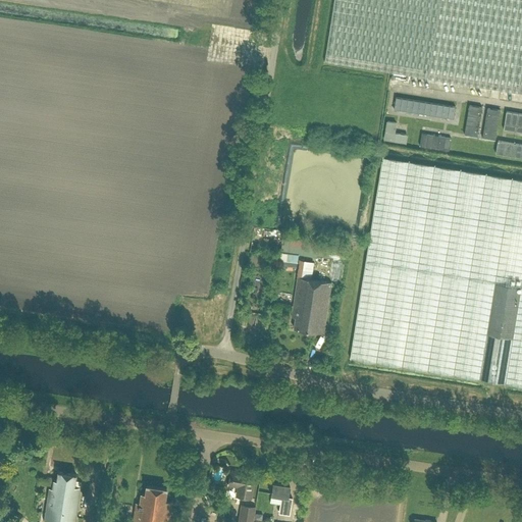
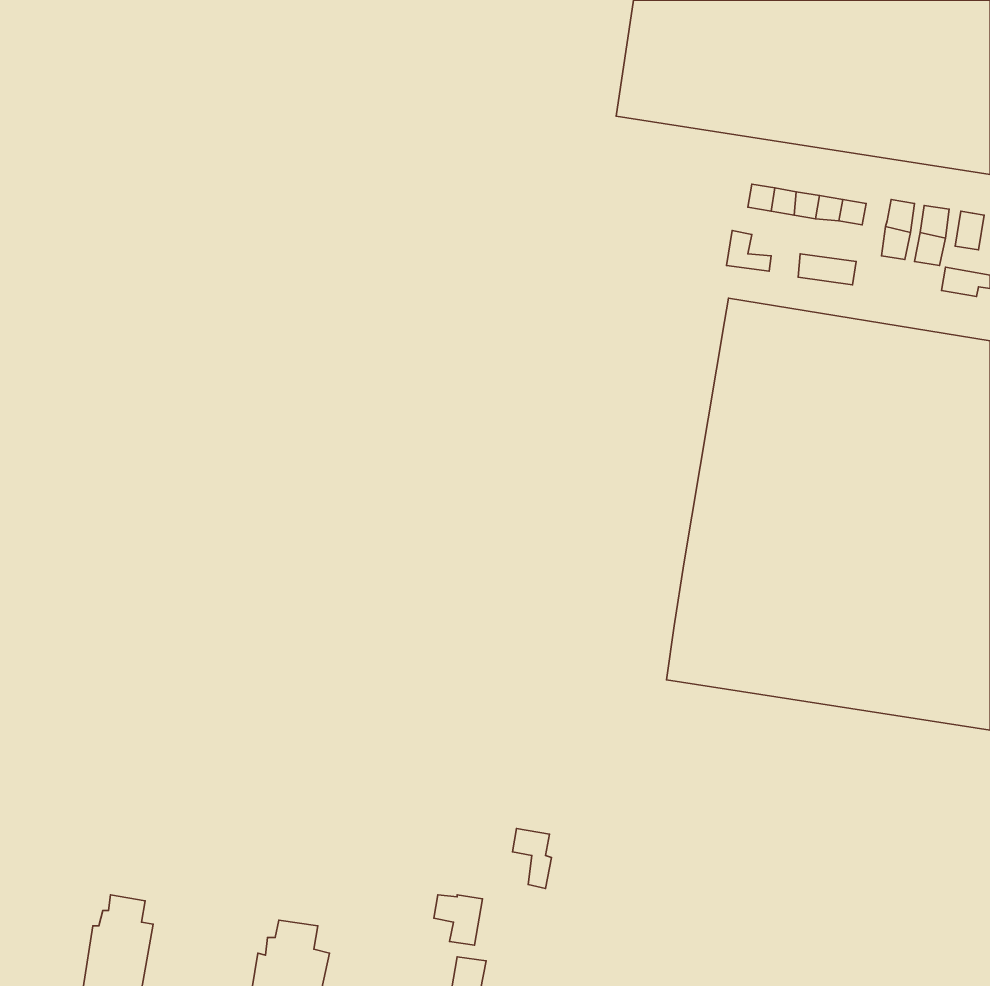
building: [292,262,330,334] -> none
building: [271,484,292,516] -> [513,828,551,889]

